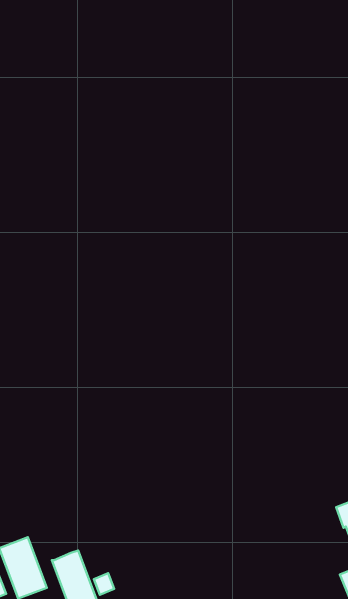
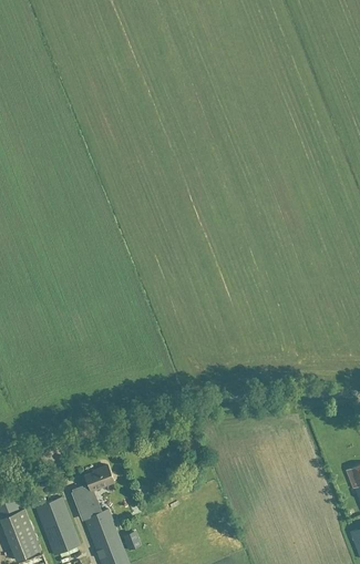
building: none -> [72,465,113,519]

